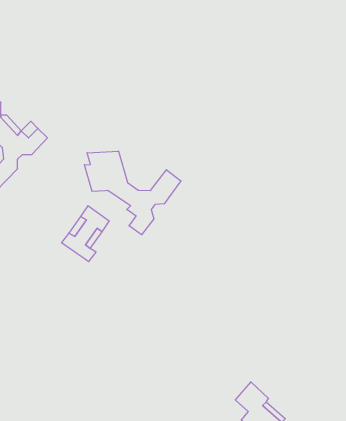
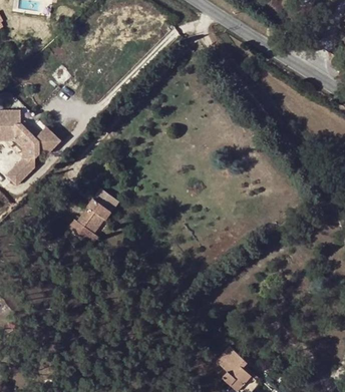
building: [84,151,181,235] -> none

